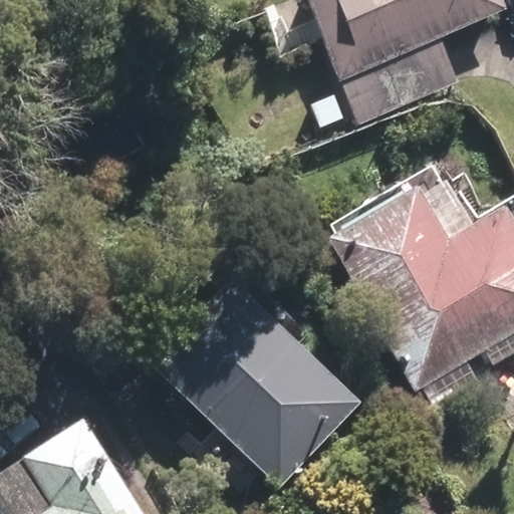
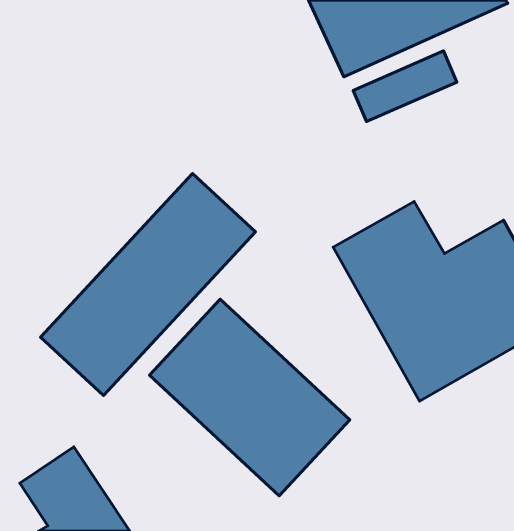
building: none -> [40,173,256,396]

